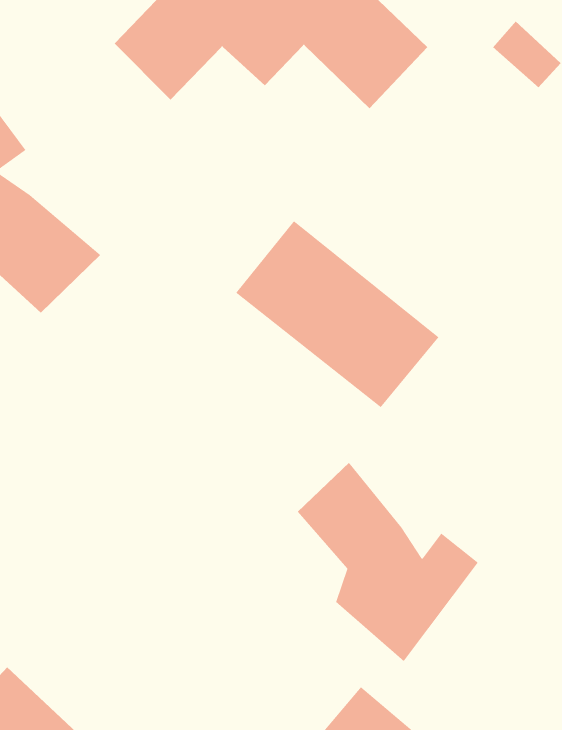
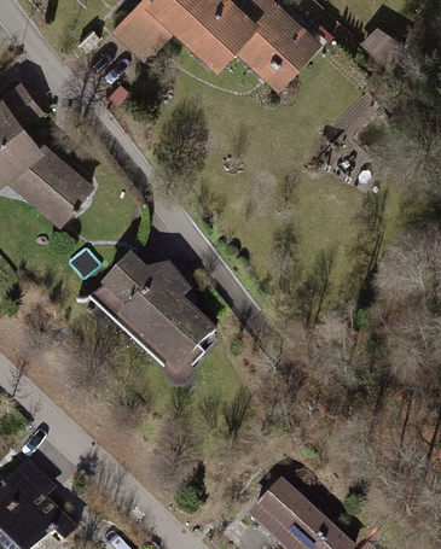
building: [235,220,439,408] -> [87,250,226,378]
building: [297,462,479,662] -> none

